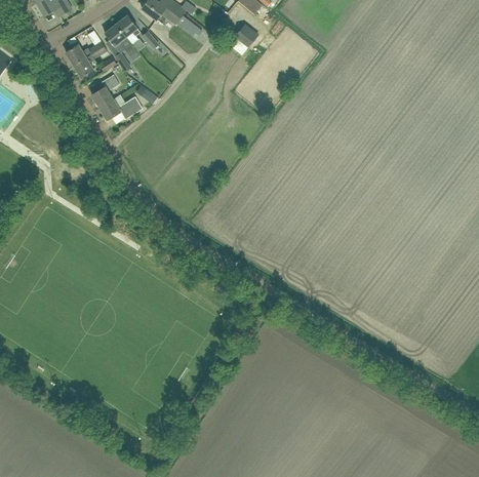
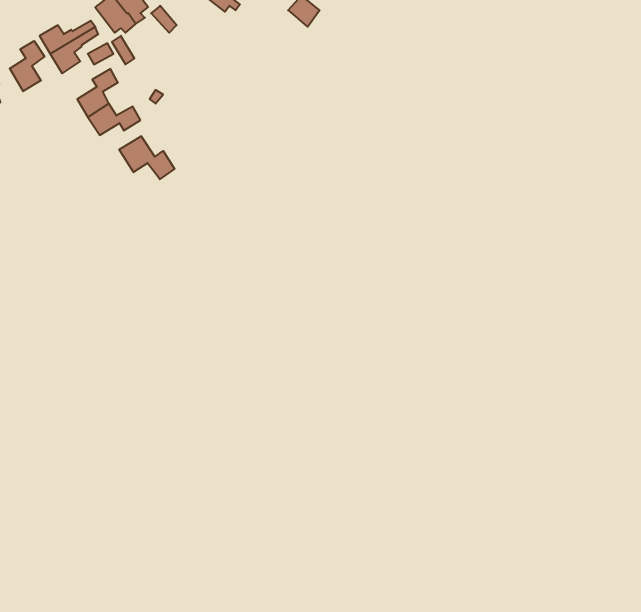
building: none -> [10,41,44,91]
building: none -> [119,136,175,179]

